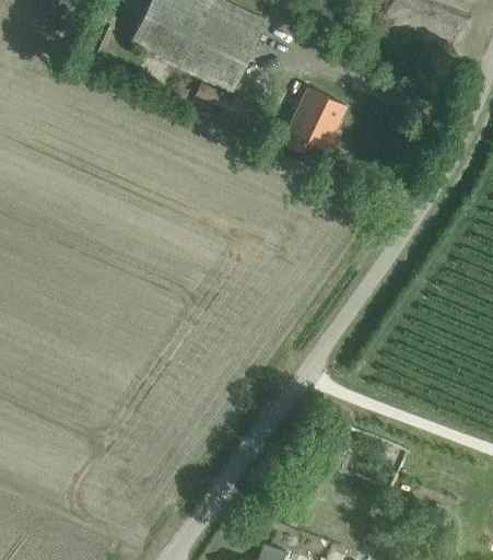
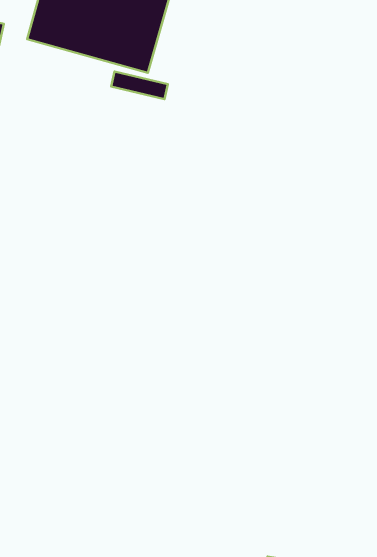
building: [284,85,347,152] -> none

